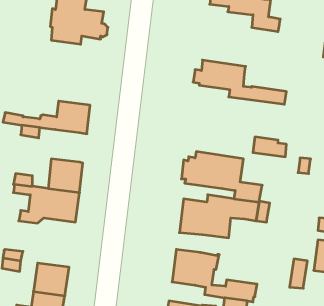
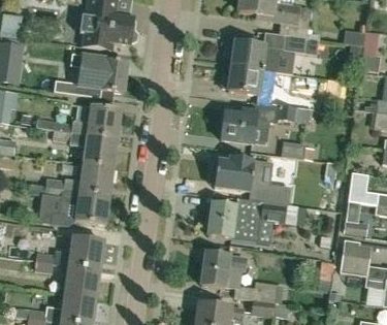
building: none -> [226,32,319,71]
building: none -> [70,53,128,97]
building: none -> [221,101,312,142]
building: none -> [83,133,118,166]
building: none -> [69,235,103,268]

